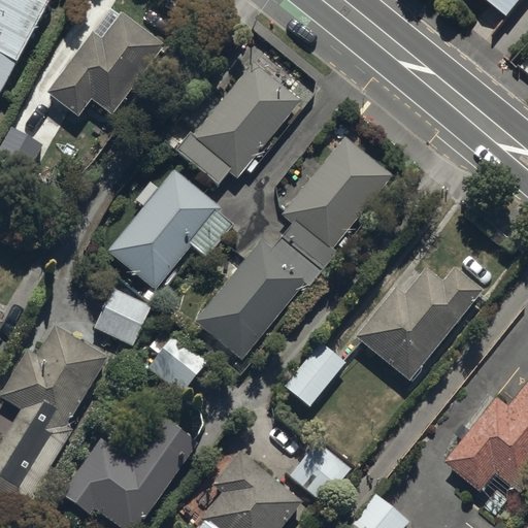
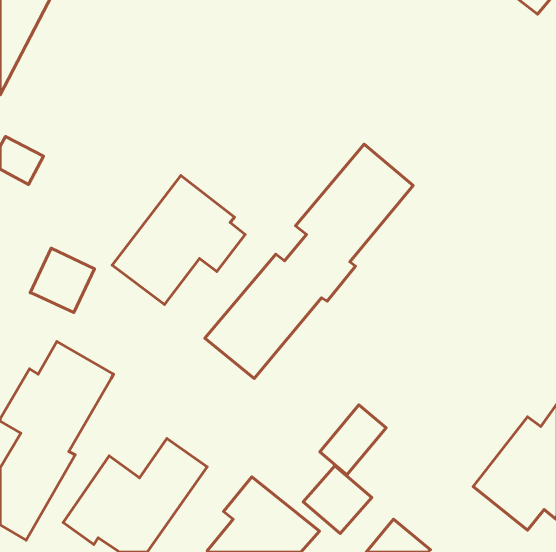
building: [44,8,165,118] -> none
building: [175,60,301,186] -> none
building: [353,265,485,382] -> none
building: [93,285,154,345] -> [30,248,95,312]
building: [143,337,205,399] -> none
building: [283,340,345,406] -> [320,405,386,475]

